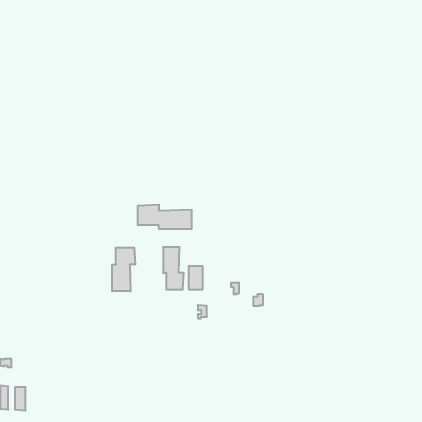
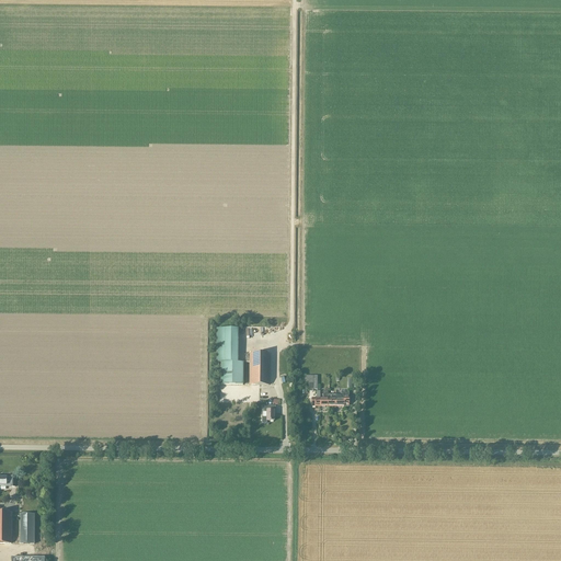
building: [138,205,192,229] -> none
building: [112,248,135,291] -> none

